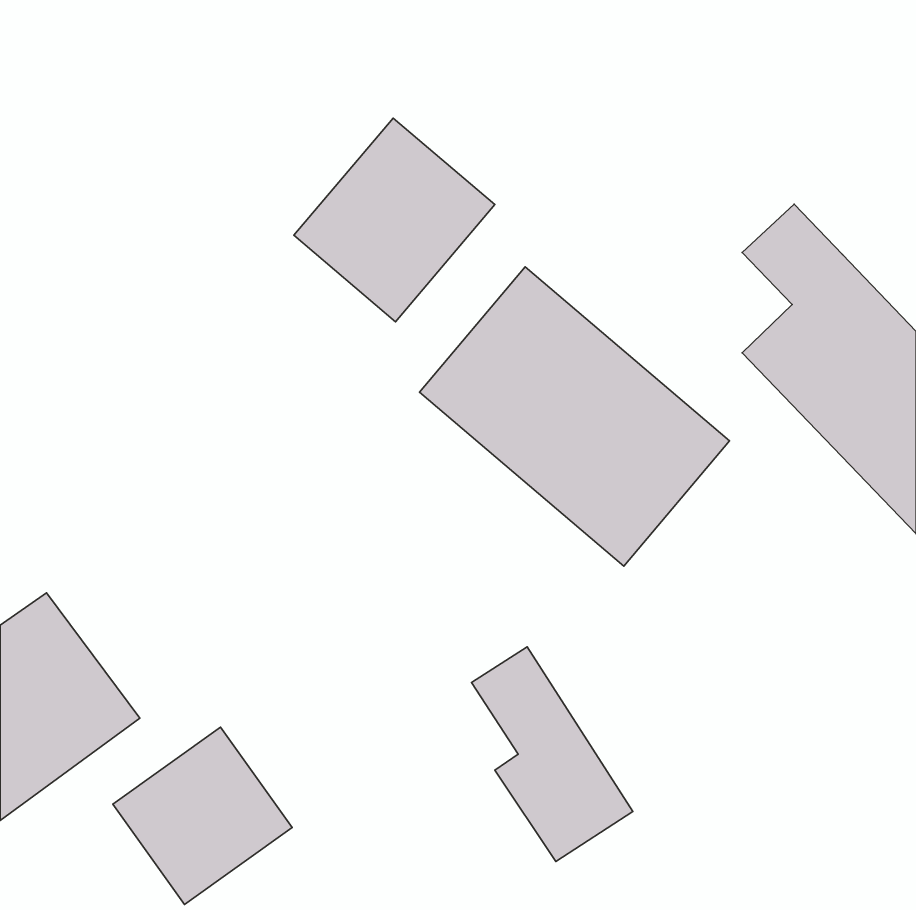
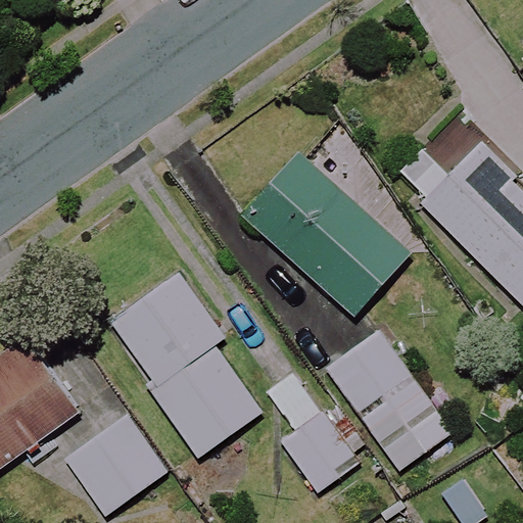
building: [294,118,495,322] -> none
building: none -> [108,273,264,457]
building: none -> [327,331,454,469]

